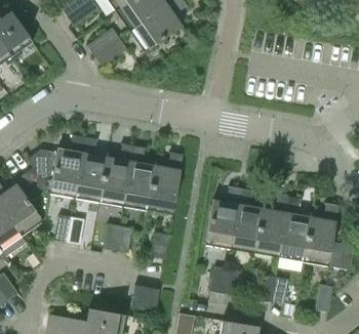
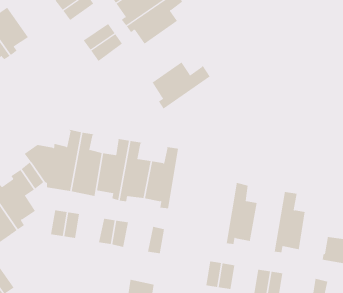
building: none -> [152,61,211,109]
building: [205,185,241,249] -> none
building: [255,194,289,257] -> none
building: [305,203,340,259] -> none

